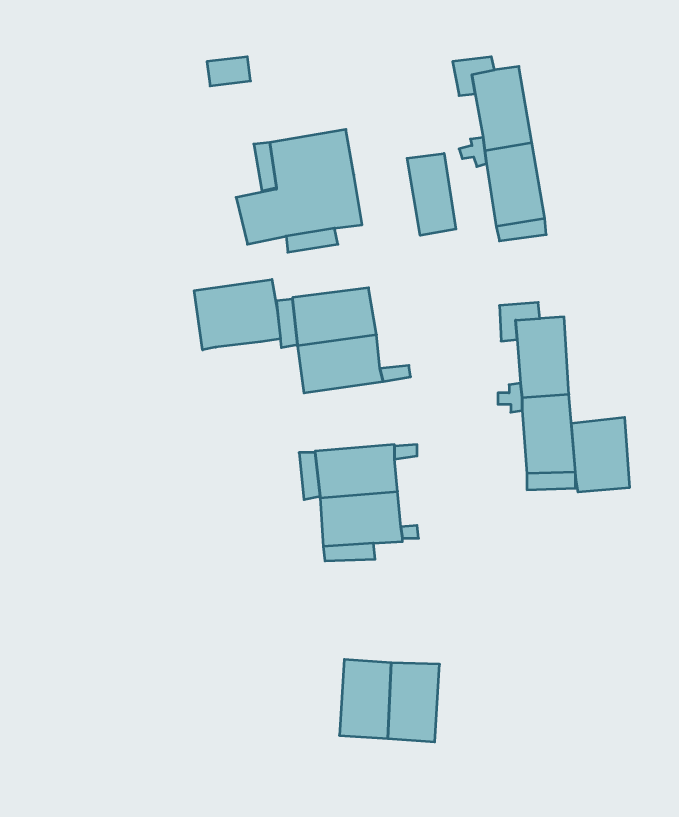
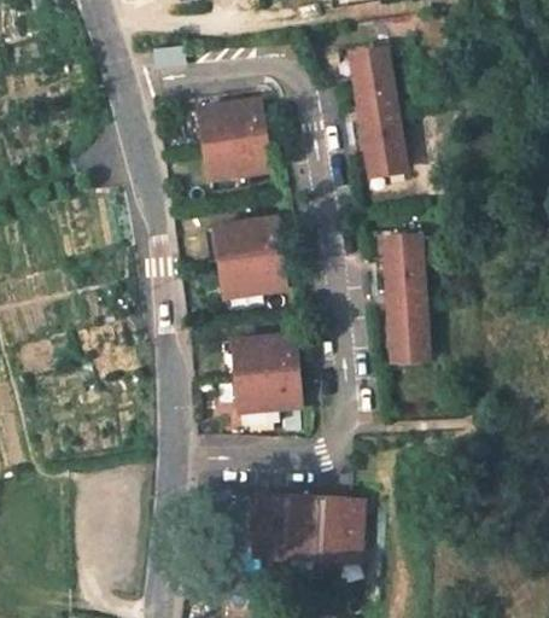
building: [407,153,456,235] -> none
building: [194,279,280,350] -> none
building: [572,417,629,492] -> none
building: none -> [326,499,364,559]

